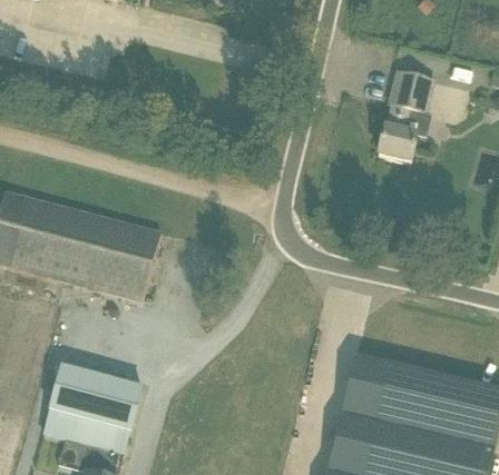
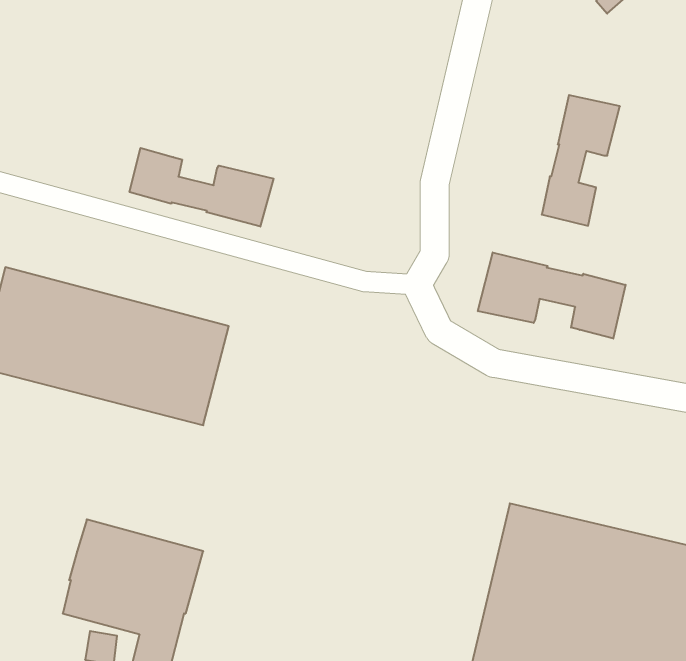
building: none -> [130,148,274,227]
building: none -> [478,252,626,339]

